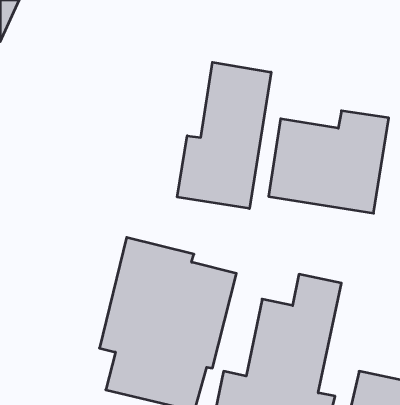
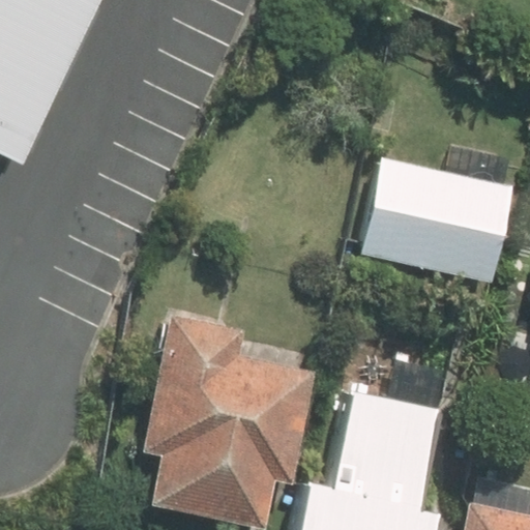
building: [177,62,271,209] -> none

